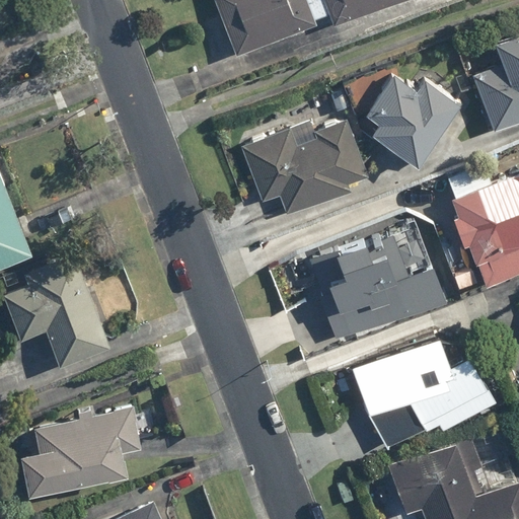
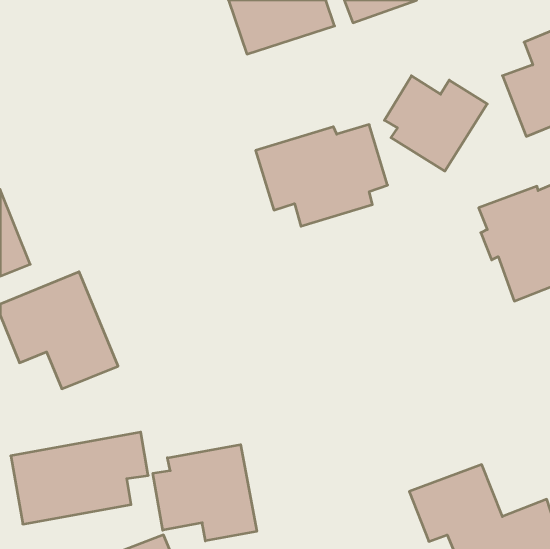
building: [290,222,445,341] -> none
building: [350,335,494,450] -> none
building: none -> [153,445,257,541]

